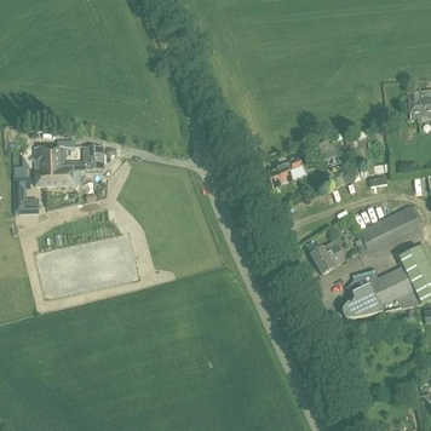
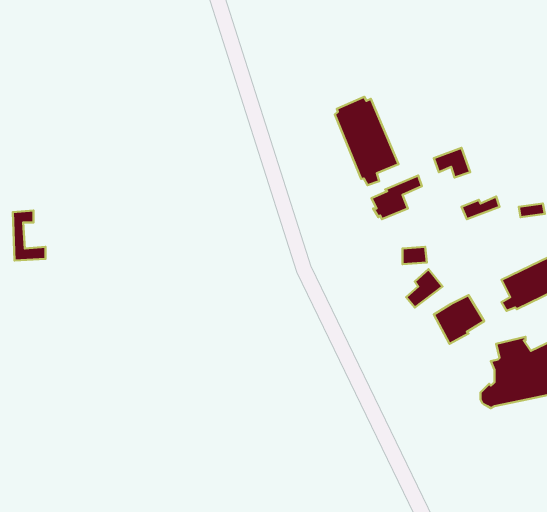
building: none -> [335,97,398,185]
building: [35,146,104,186] -> none

